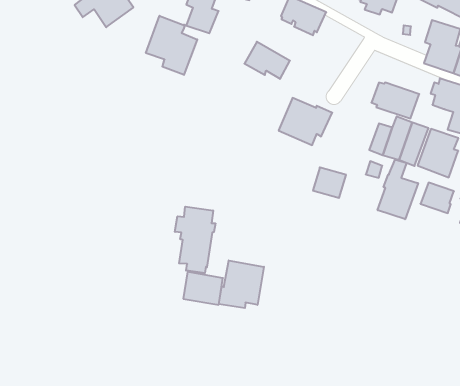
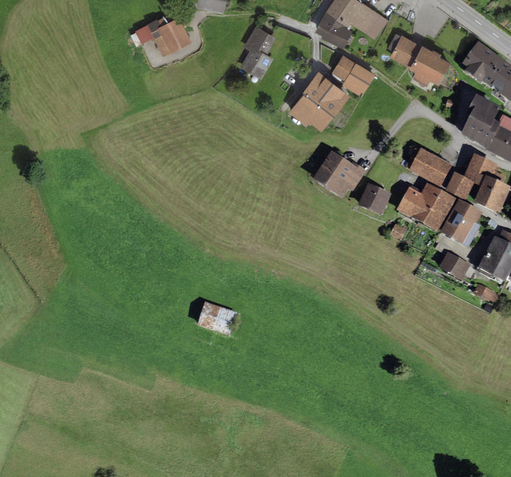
building: [146,16,197,75] -> none
building: none -> [302,69,350,114]
building: none -> [445,173,474,200]
building: [378,159,418,219] -> none
building: [313,167,346,198] -> [358,184,392,216]
building: [175,207,215,273] -> none
building: [219,260,264,308] -> none

